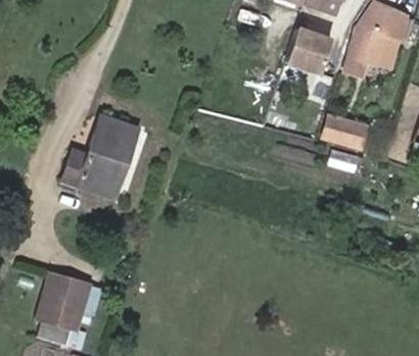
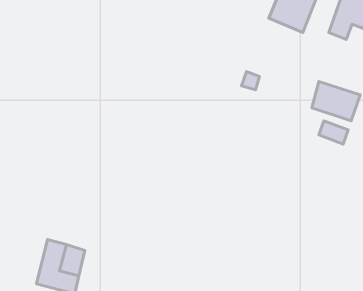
building: [68,122,138,201] -> none

